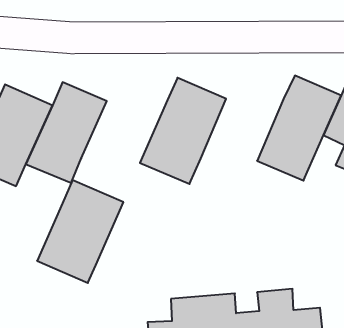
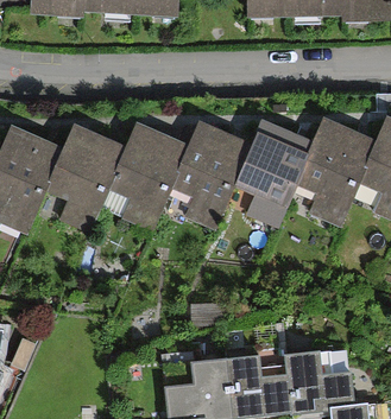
building: none -> [223,118,313,227]
building: [37,180,123,283] -> [95,118,188,228]

